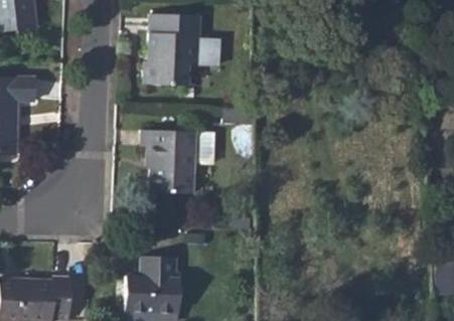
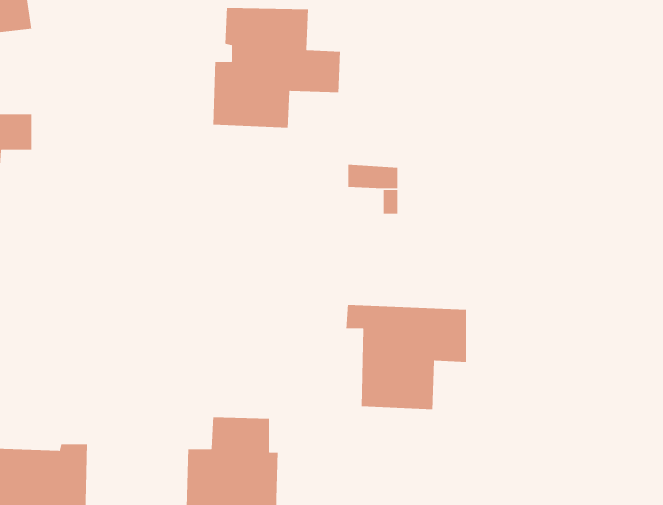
building: [140,131,212,194] -> [346,304,467,410]

